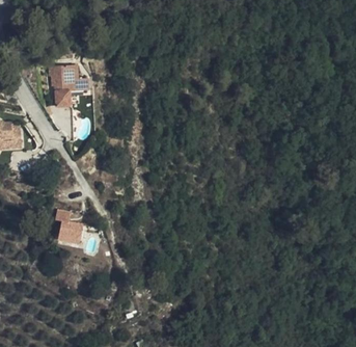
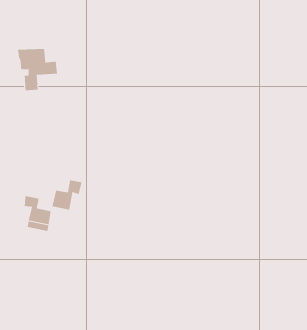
building: none -> [52,180,82,210]

